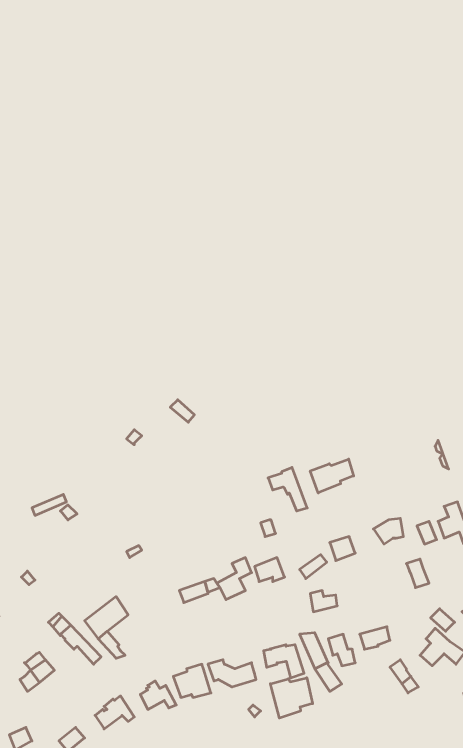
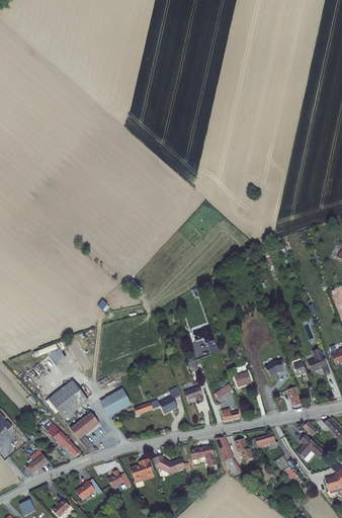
building: [310,459,354,493] -> none
building: none -> [48,379,88,419]
building: none -> [99,388,132,417]
building: [270,678,313,718] -> none

